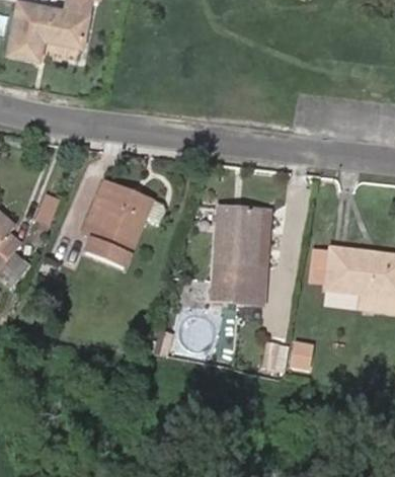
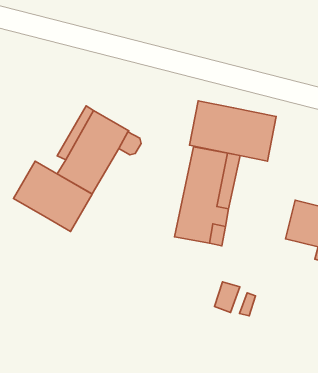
building: none -> [189,101,276,161]
building: none -> [14,161,92,232]

